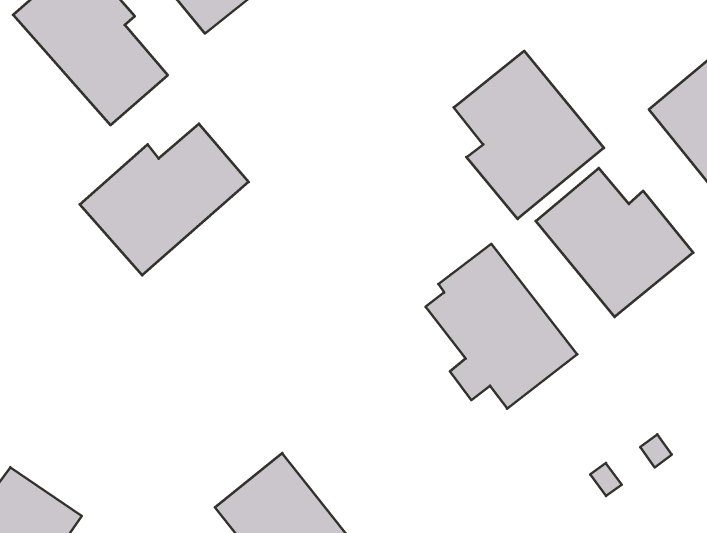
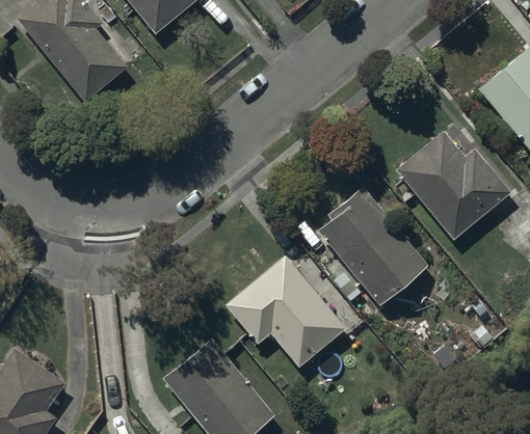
building: [454,51,604,219] -> none
building: [80,124,249,275] -> none
building: none -> [226,256,345,368]

